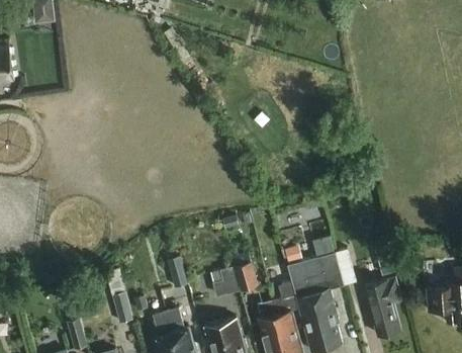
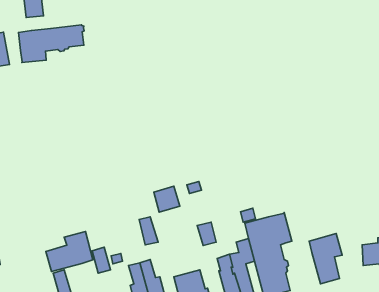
building: none -> [19,25,84,63]
building: [210,266,241,296] -> [154,186,180,212]
building: none -> [46,232,93,272]

